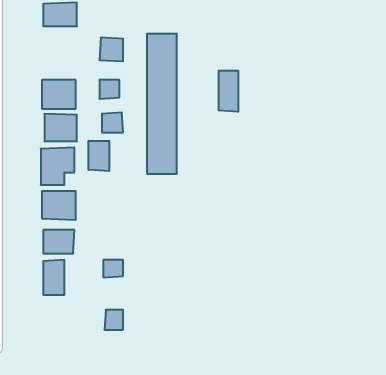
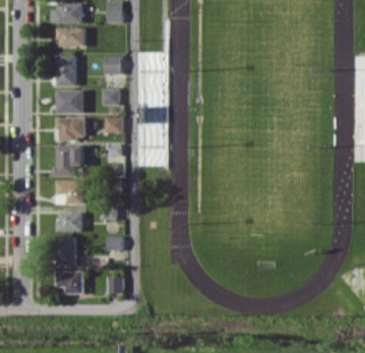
building: none -> [56,54,75,85]
building: [219,71,238,112] -> none
building: [89,141,109,171] -> none
building: none -> [56,271,83,293]

